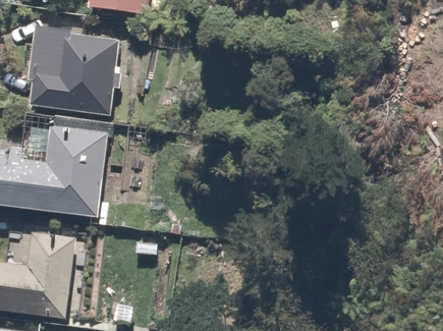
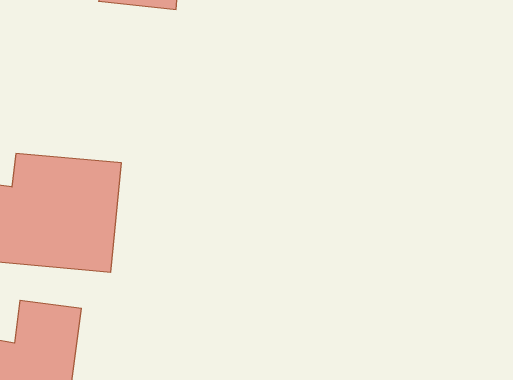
building: [32,24,120,115] -> none

